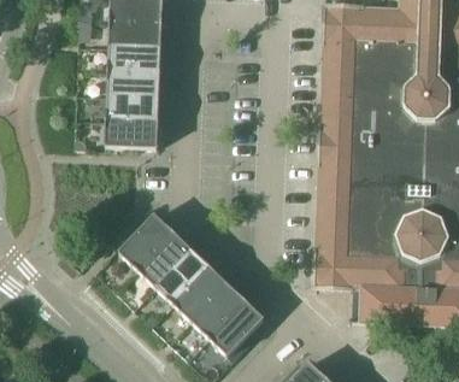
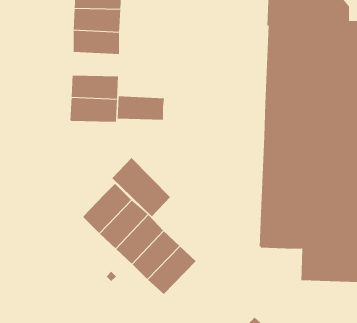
building: [107,69,160,95] -> [117,96,165,120]
building: none -> [111,157,171,217]
building: [208,299,263,354] -> none

